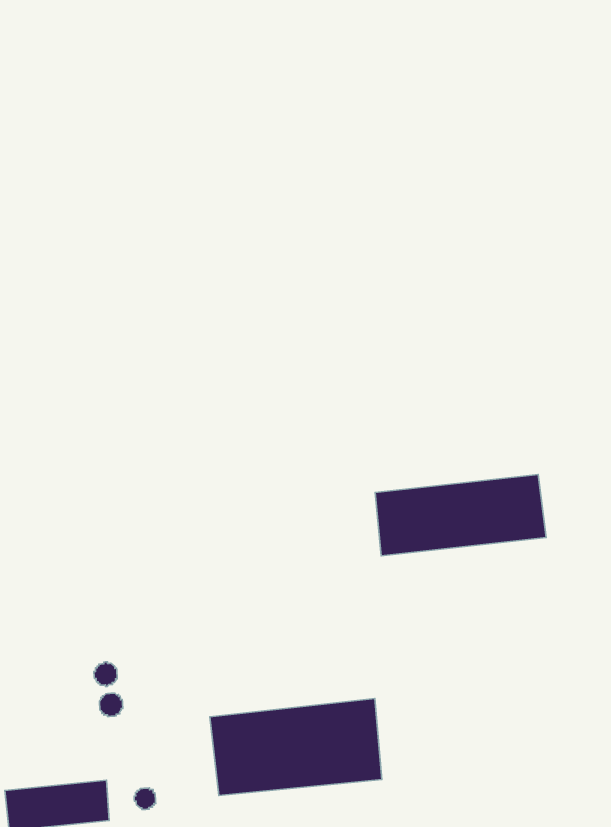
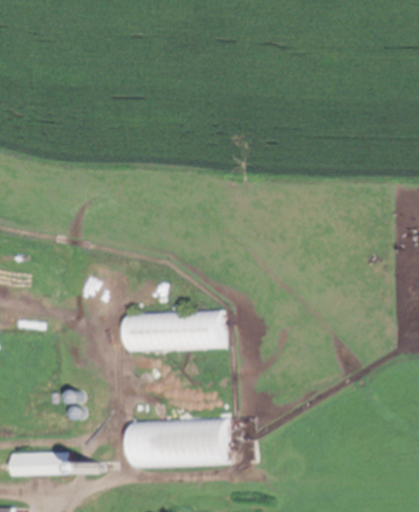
building: [375,475,546,556] -> [125,311,220,351]

